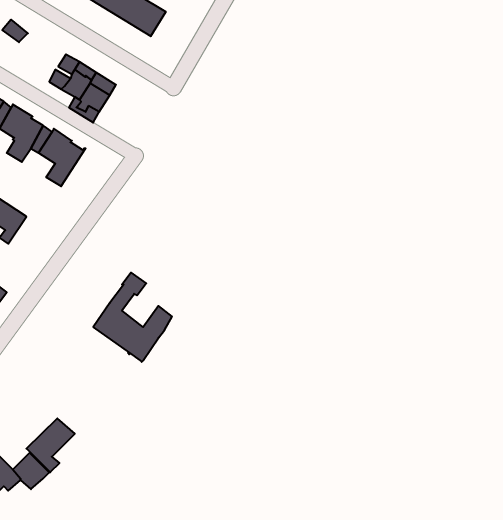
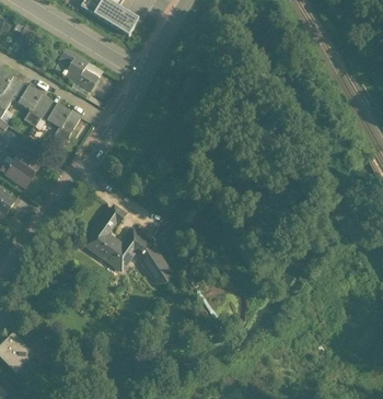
building: none -> [137,237,172,283]
building: [26,418,75,472] -> none

